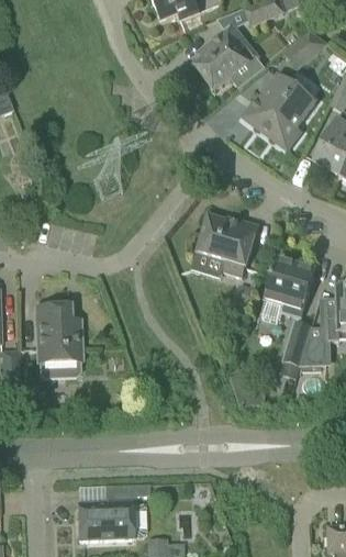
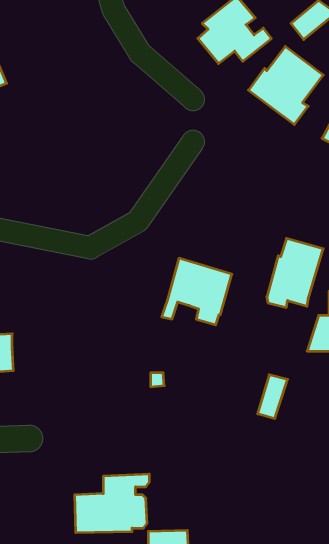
building: [191,213,258,277] -> [162,258,232,325]
building: [35,303,82,379] -> none
building: [283,324,312,366] -> [258,375,288,418]

